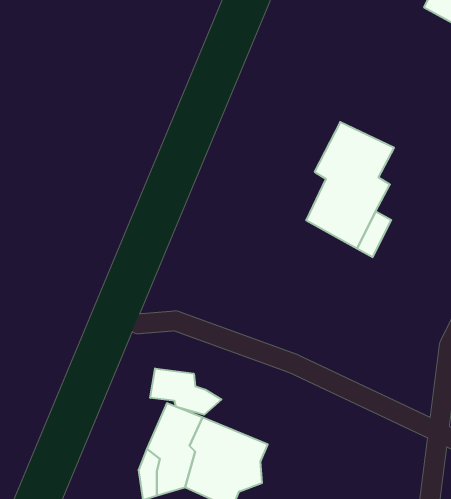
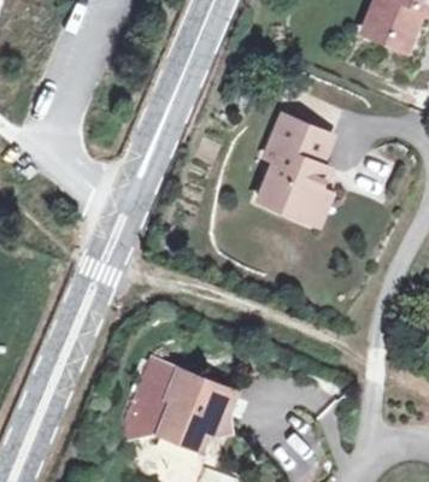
building: [150,368,221,415] -> none

